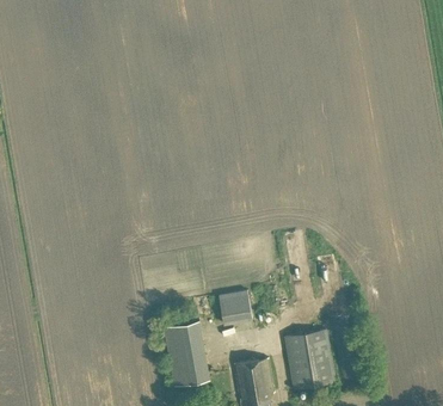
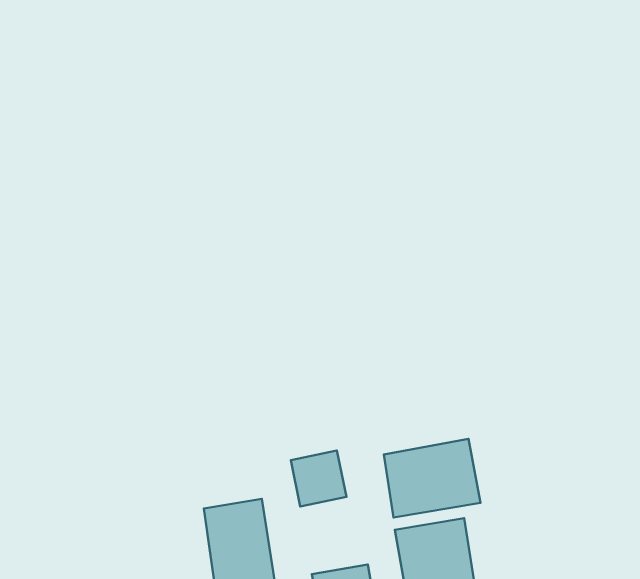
building: none -> [384,439,481,517]

